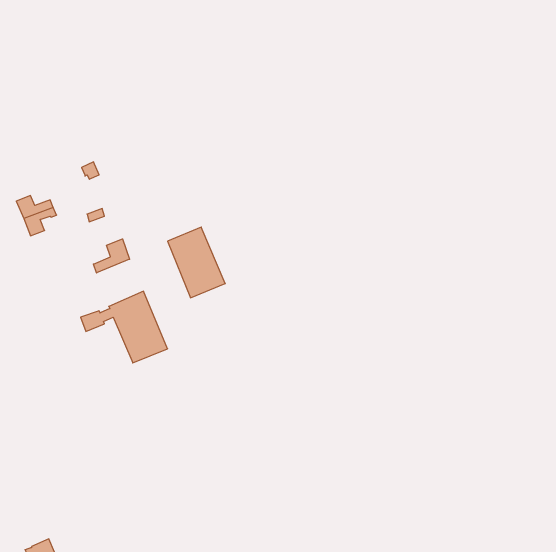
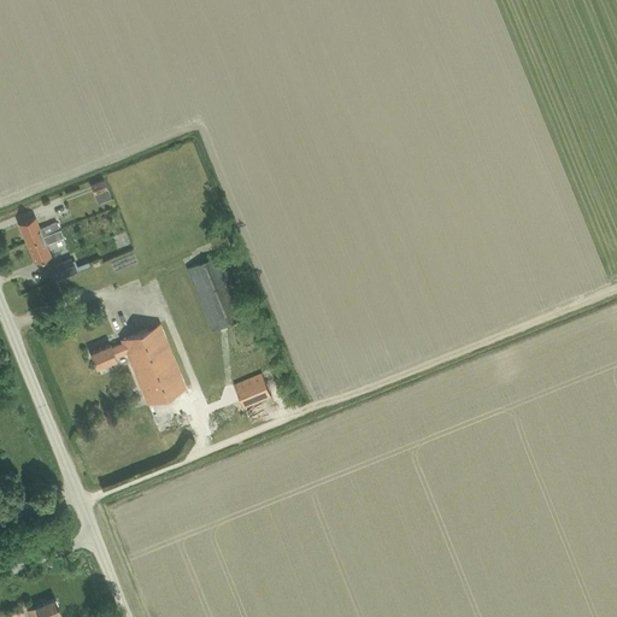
building: [93,239,130,273] -> none
building: none -> [234,376,271,411]

